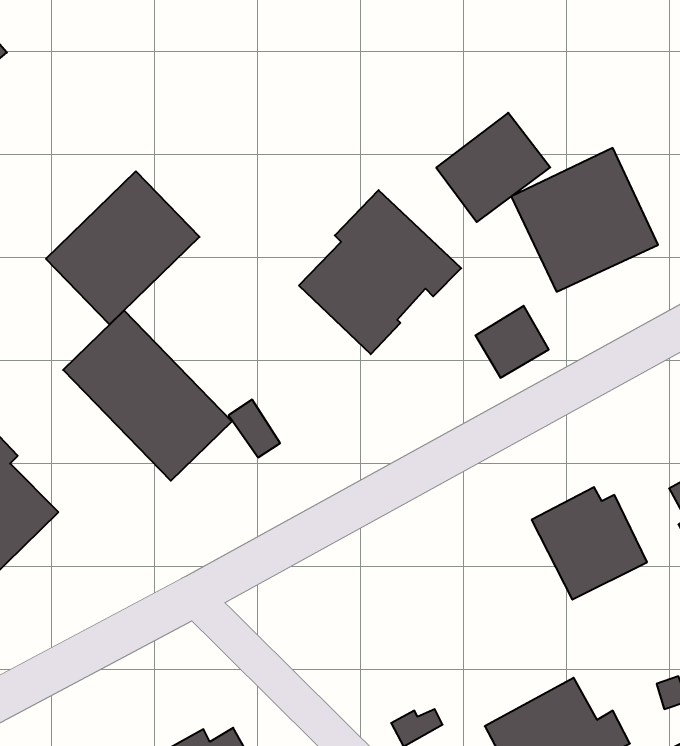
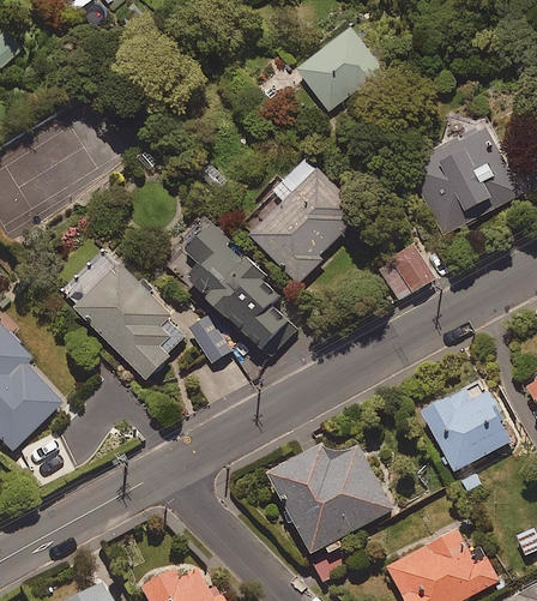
building: [436,113,550,222] -> [295,28,382,112]
building: [46,171,200,325] -> none
building: none -> [185,222,288,349]
building: none -> [267,443,392,555]

